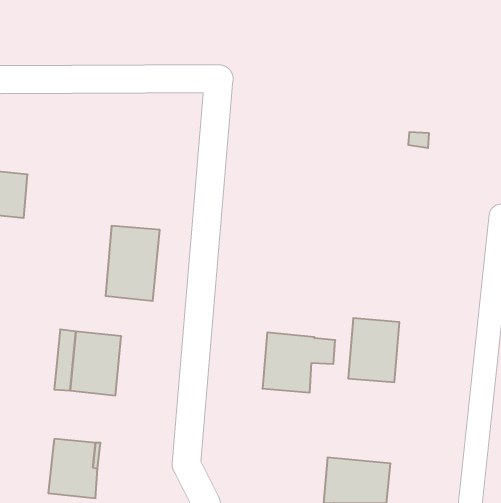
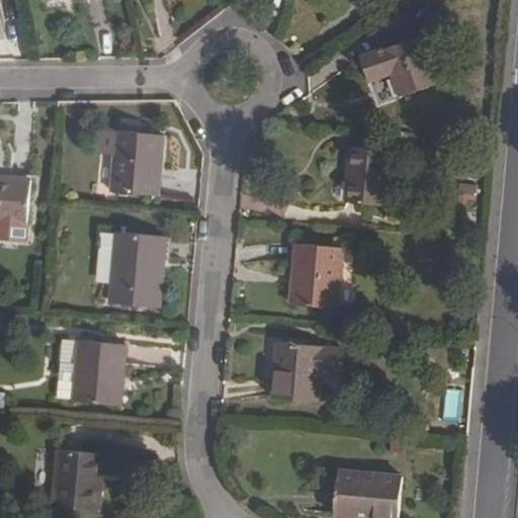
building: none -> [358,35,437,97]
building: none -> [108,131,162,195]
building: none -> [343,146,387,206]
building: [348,318,399,382] -> [288,243,341,309]

